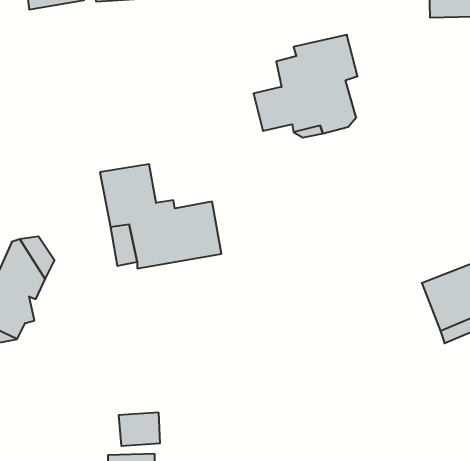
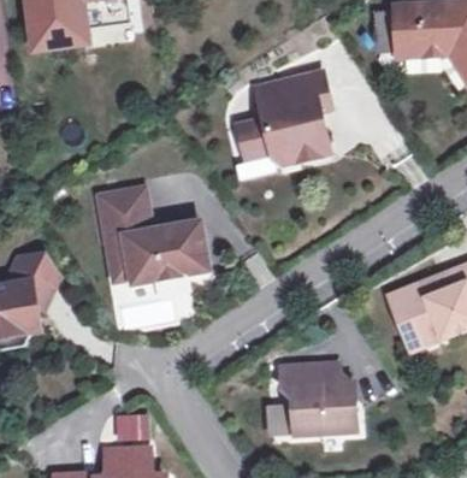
building: none -> [280,364,355,433]

